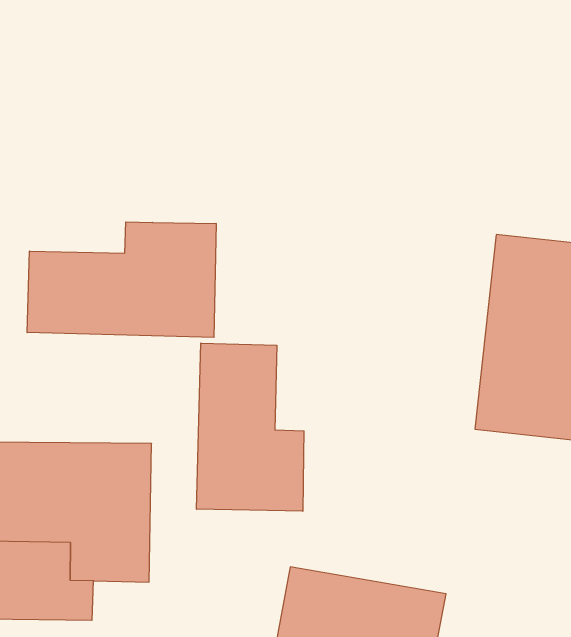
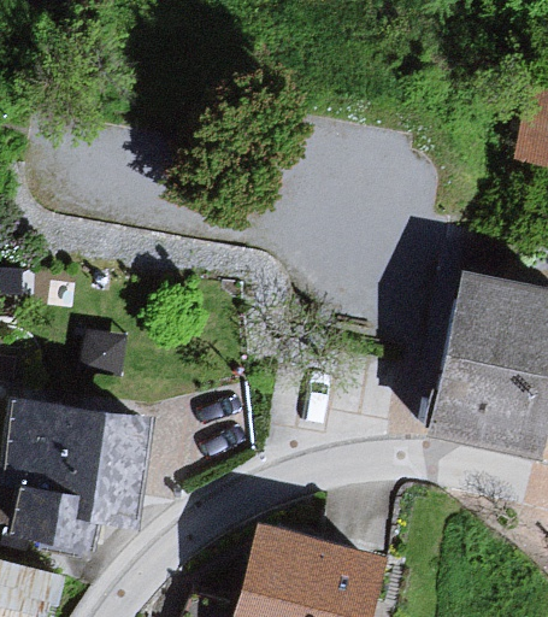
building: [27,222,216,337] -> none
building: [197,343,304,511] -> none

